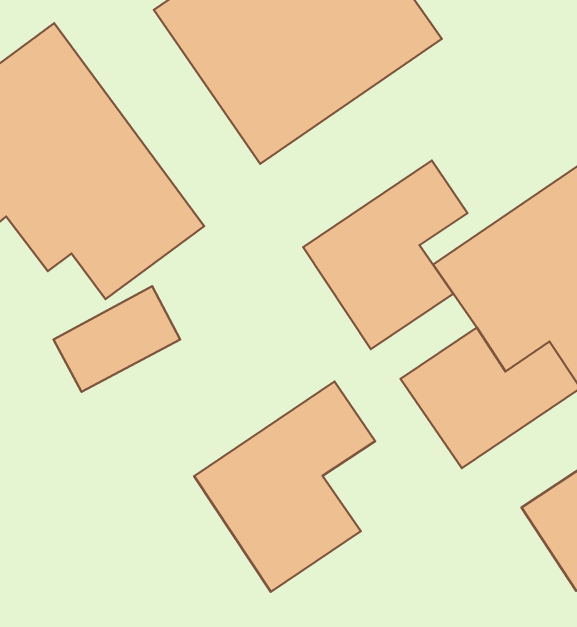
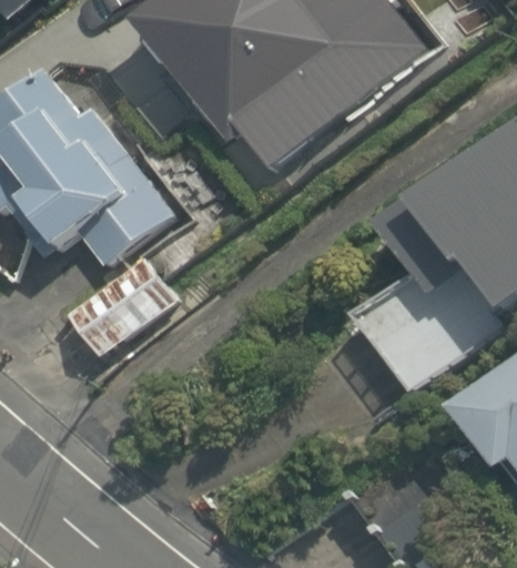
building: [303,161,468,349] -> none
building: [194,382,375,592] -> none

